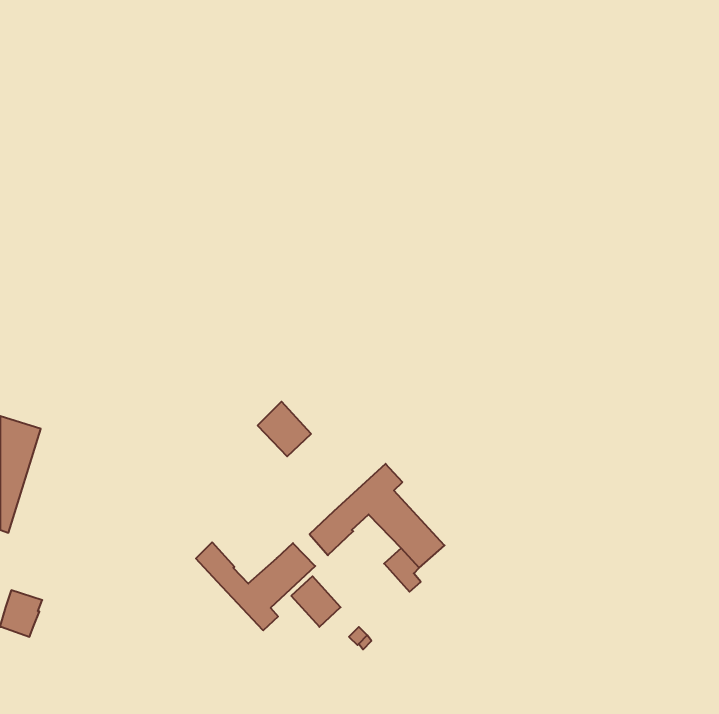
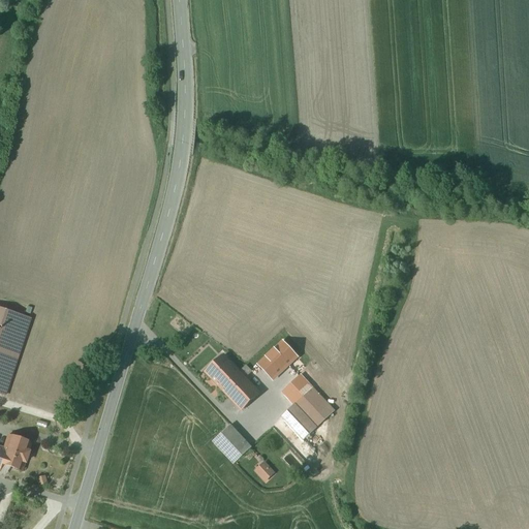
building: [258,402,311,456] -> [206,352,245,393]
building: [196,542,315,630] -> none

